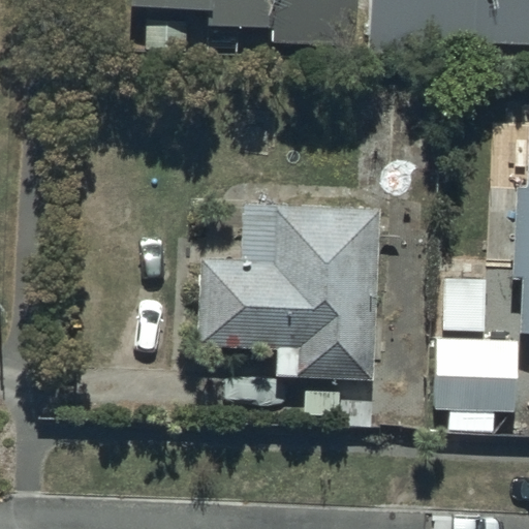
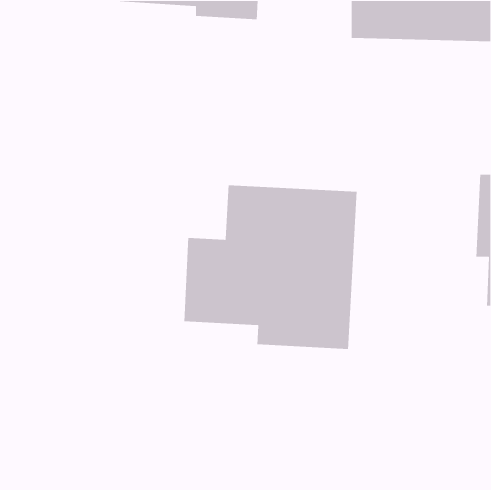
building: [436,337,520,410] -> none

